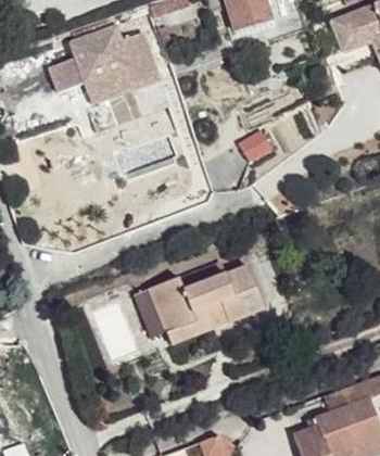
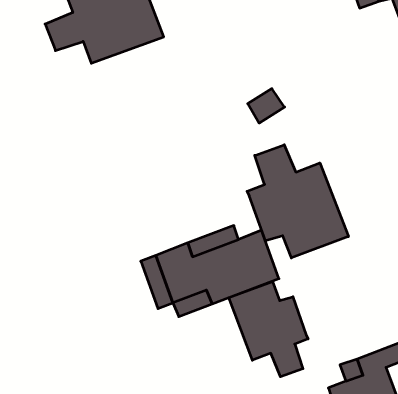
building: none -> [247,145,348,258]
building: none -> [229,282,308,377]

